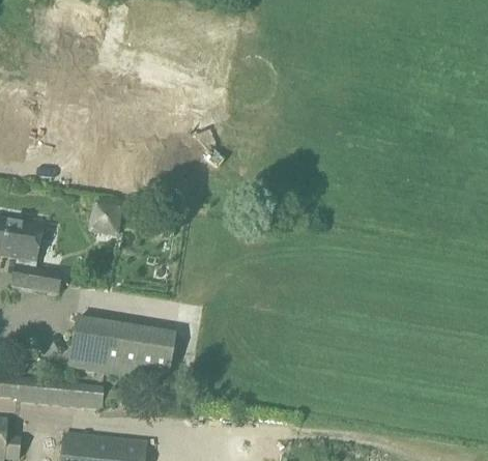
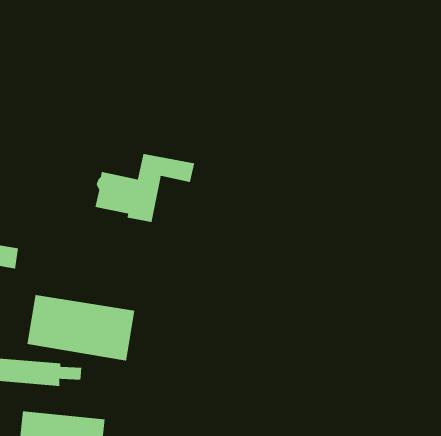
building: none -> [95,153,195,223]
building: [89,203,121,234] -> none

